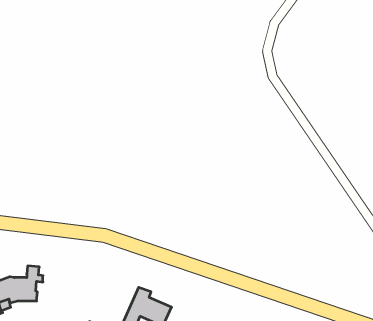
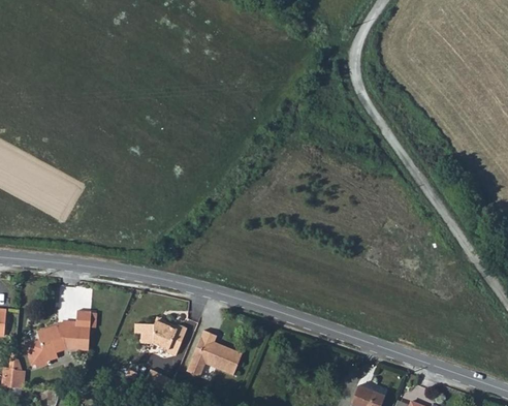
building: none -> [138,322,189,358]

